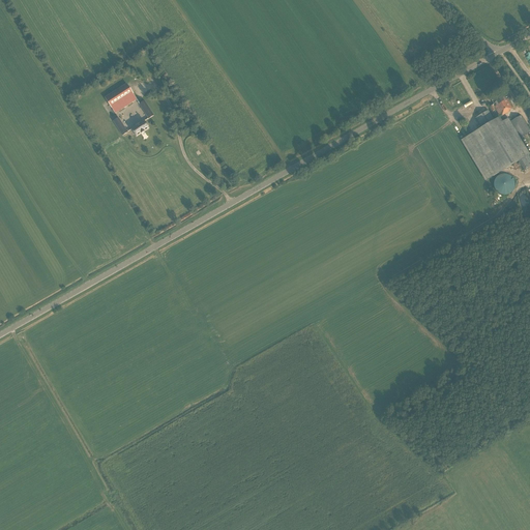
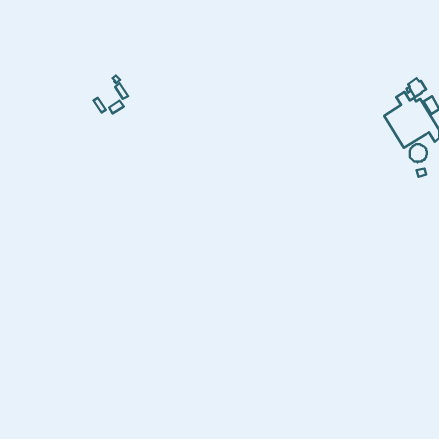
building: [105,84,137,114] -> none

